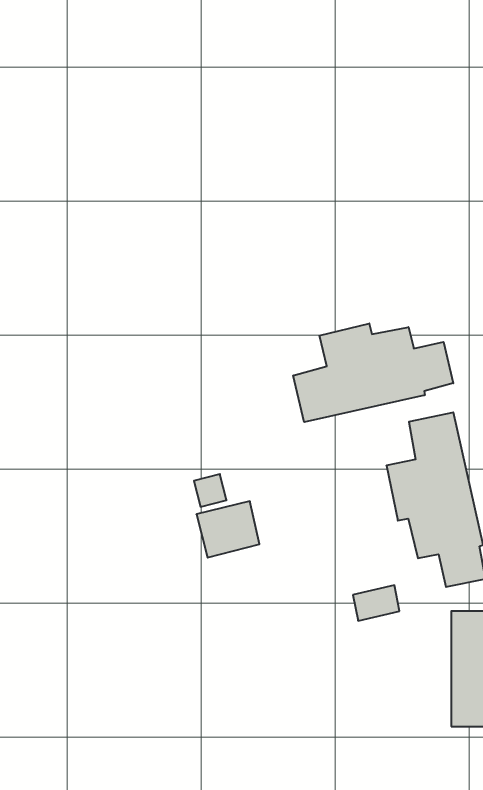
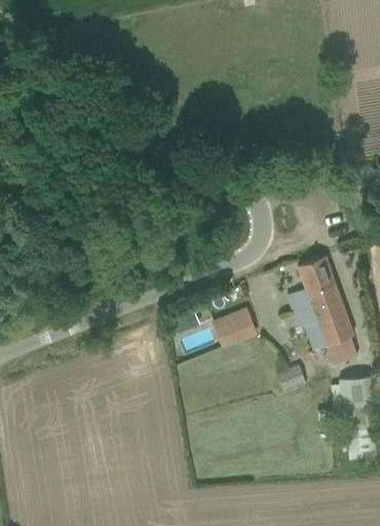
building: [293,323,453,422] -> none
building: [196,501,259,558] -> [214,310,255,348]

